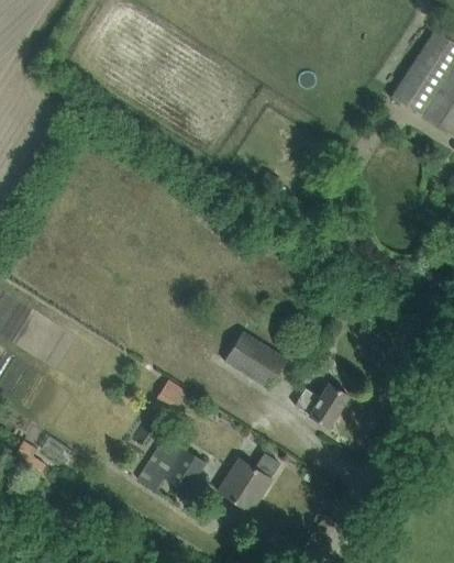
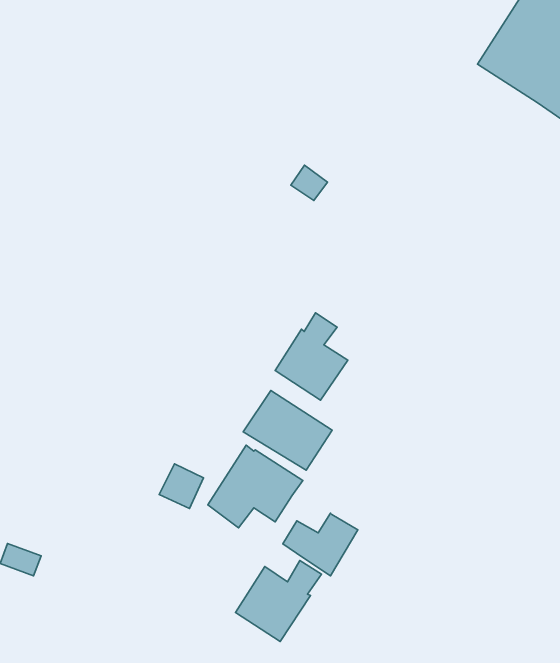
building: none -> [275,313,348,400]
building: [295,383,348,428] -> [283,513,358,576]
building: [137,437,206,496] -> [208,445,303,528]

